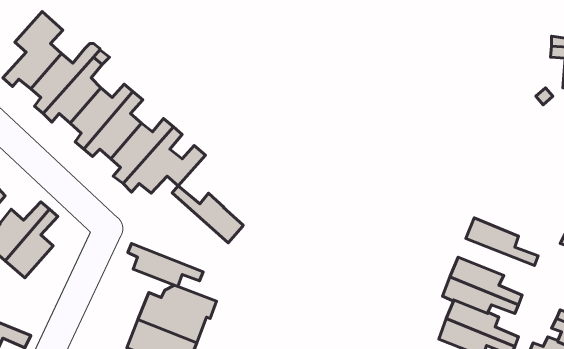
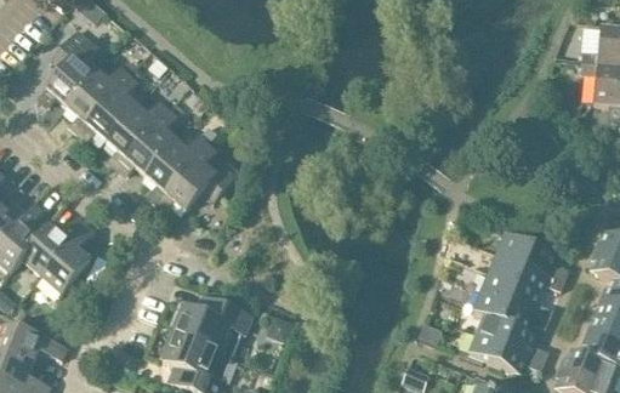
building: [172,186,243,243] -> none
building: none -> [490,252,565,289]
building: [128,243,203,286] -> none

